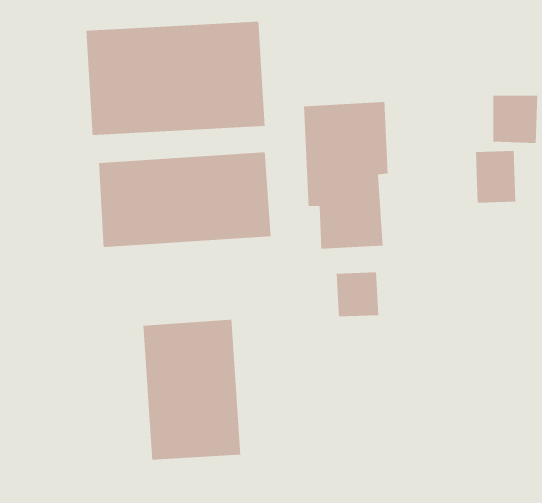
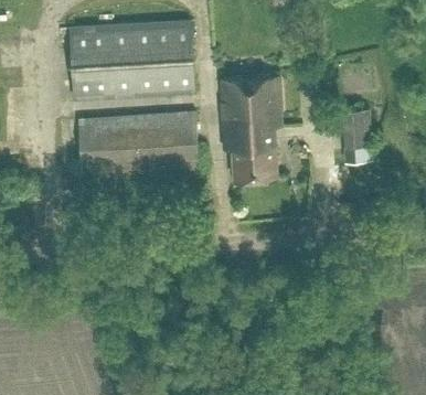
building: [336,271,379,317] -> none
building: [143,319,241,460] -> none

